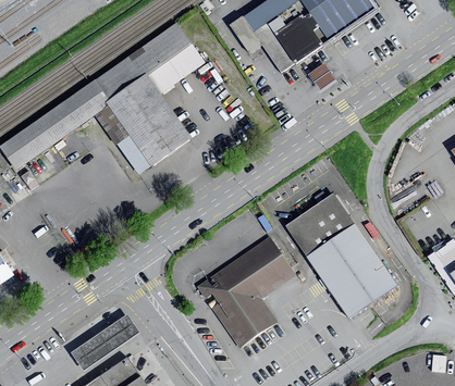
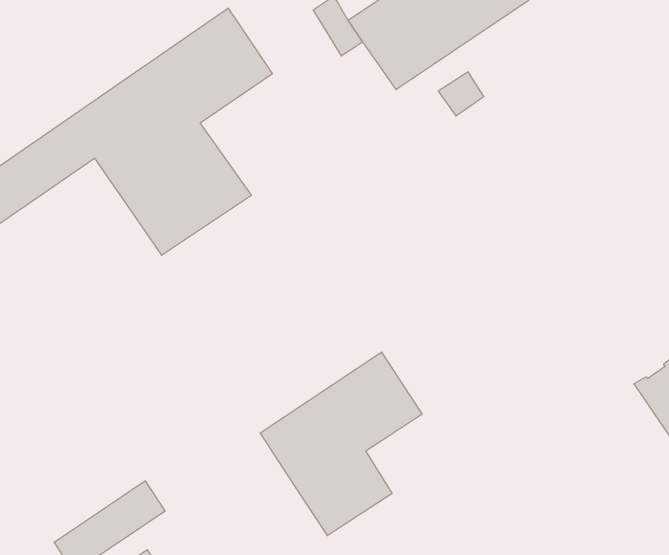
building: [286,192,397,317] -> none

